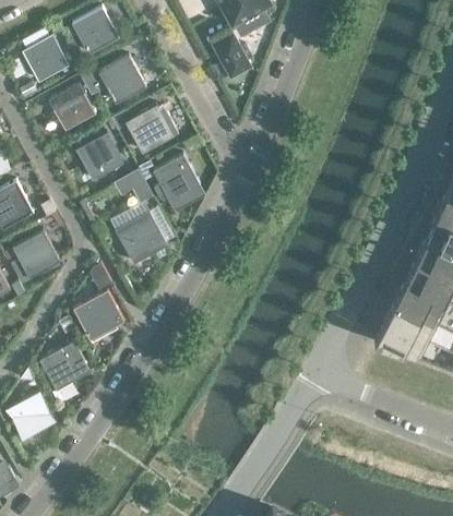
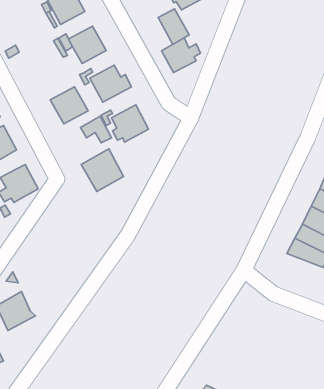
building: [22,34,70,81] -> none
building: none -> [162,38,200,73]
building: [49,83,96,130] -> none
building: [73,290,124,339] -> none
building: [39,341,91,391] -> none

